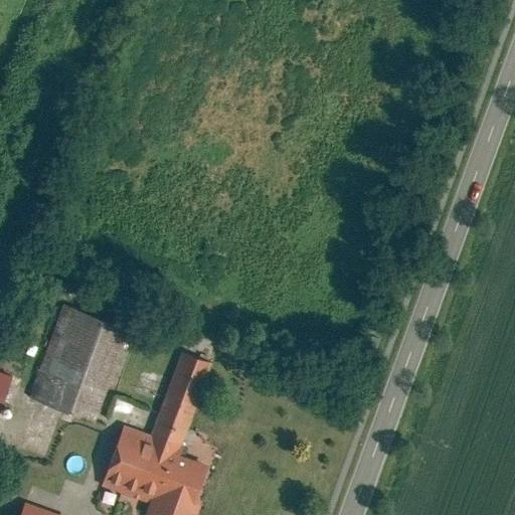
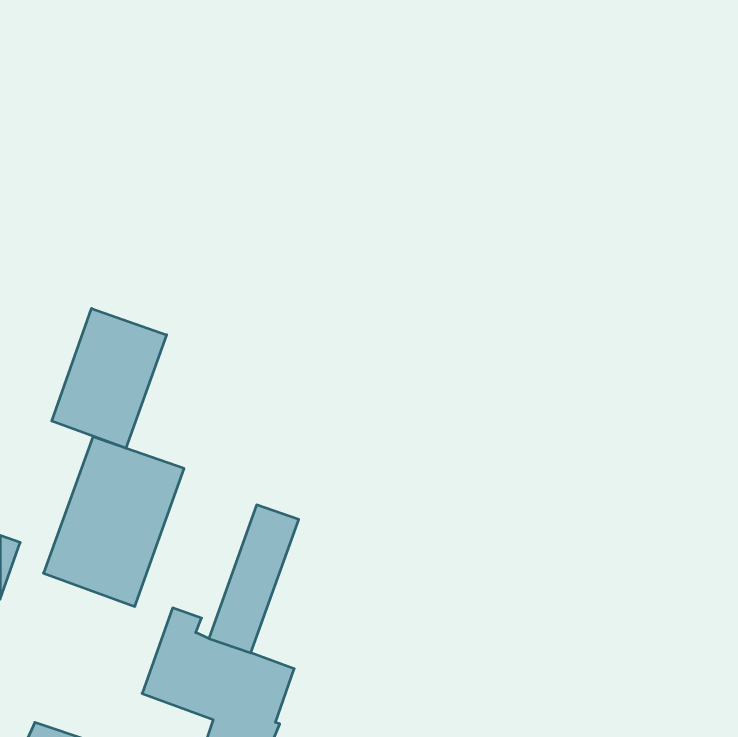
building: none -> [52,308,167,448]

